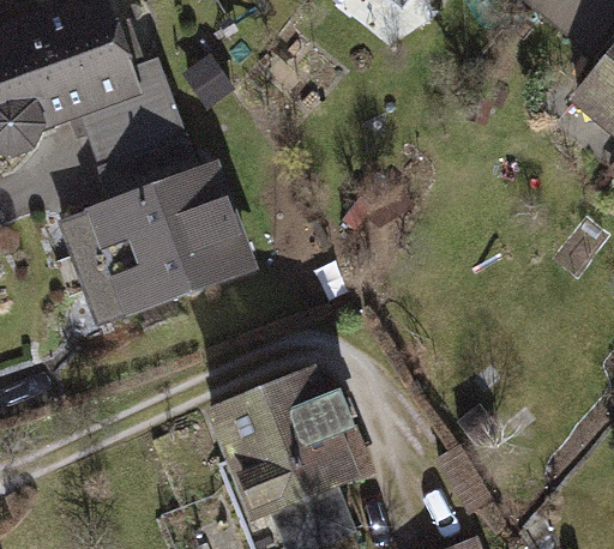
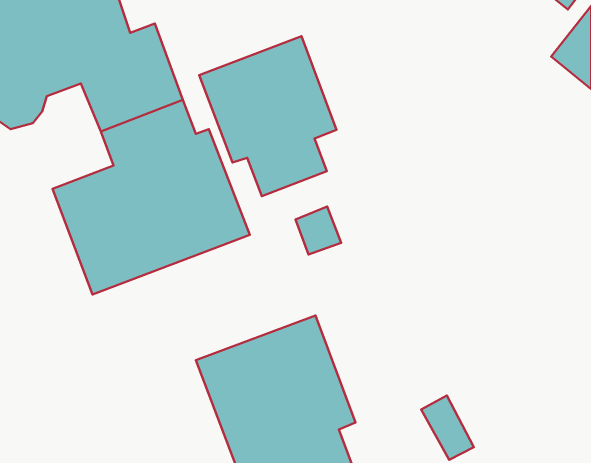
building: none -> [199,36,336,196]

